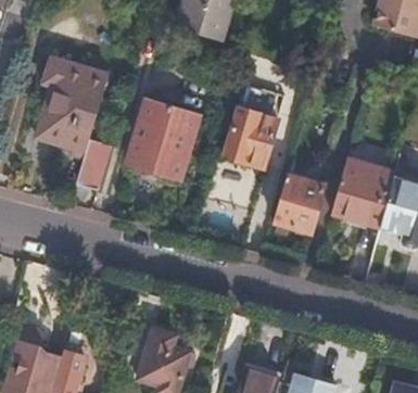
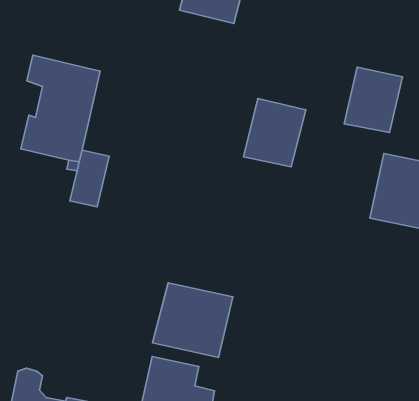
building: [128,99,199,177] -> none
building: [271,174,324,231] -> [344,67,403,133]
building: none -> [153,283,233,357]

